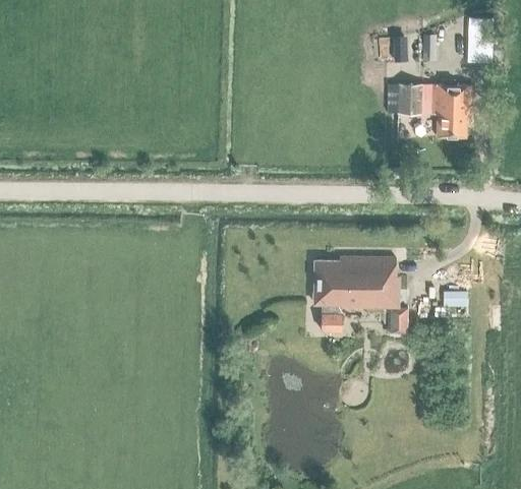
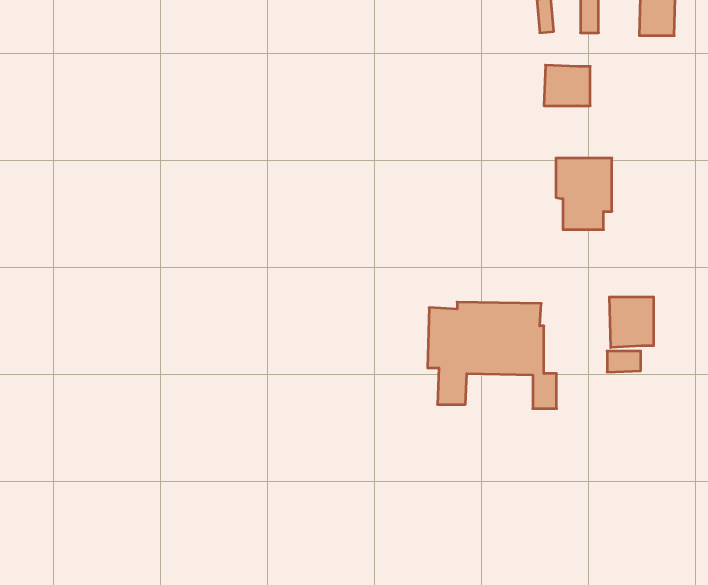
building: [430,84,471,136] -> [556,158,612,230]
building: none -> [609,297,654,348]

